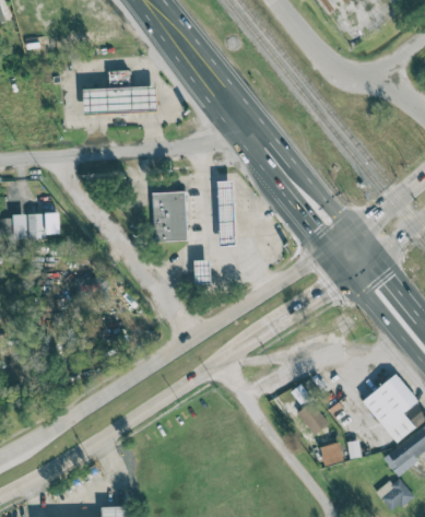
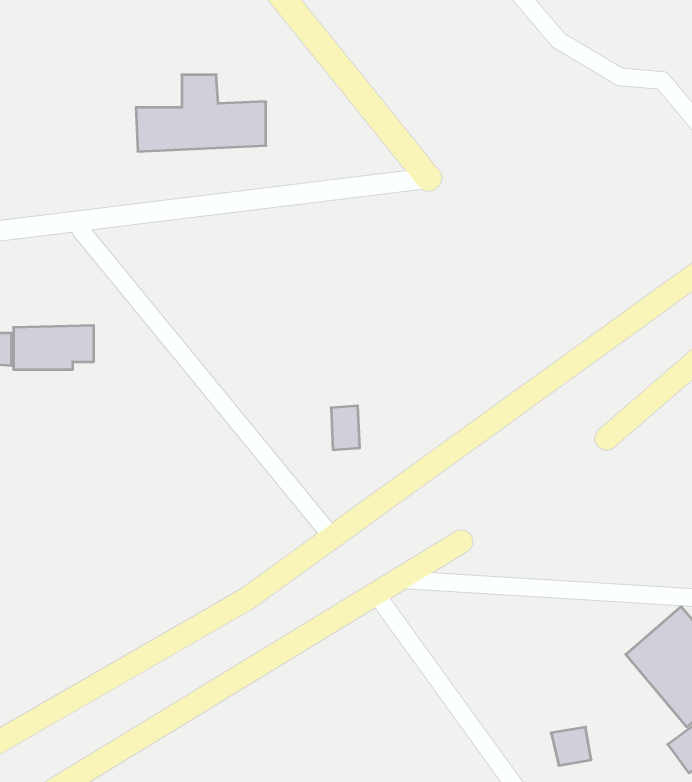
building: [217,180,236,246] -> none
building: [152,191,187,242] -> none
building: [297,401,328,435] -> none

